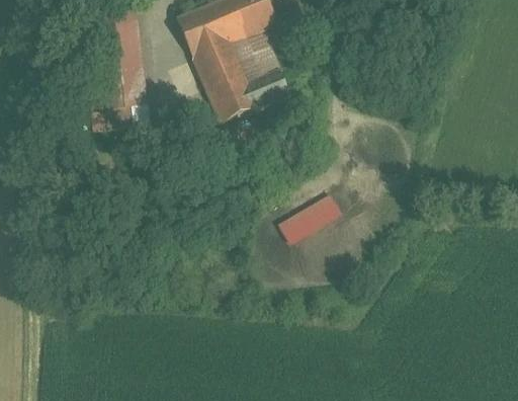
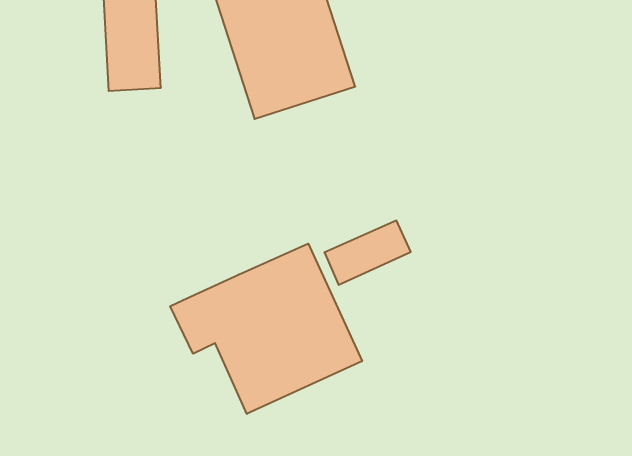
building: none -> [170,244,362,414]

